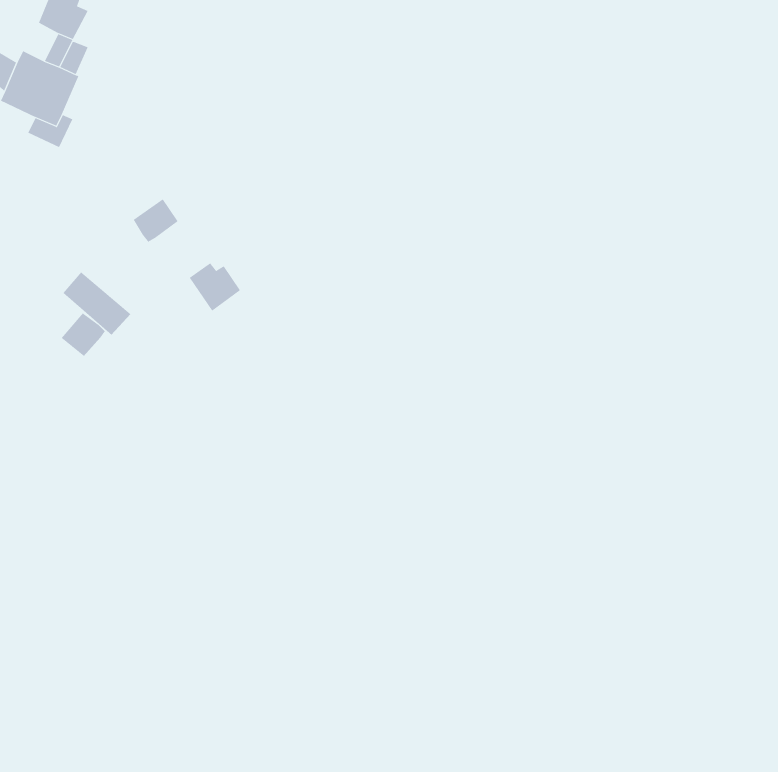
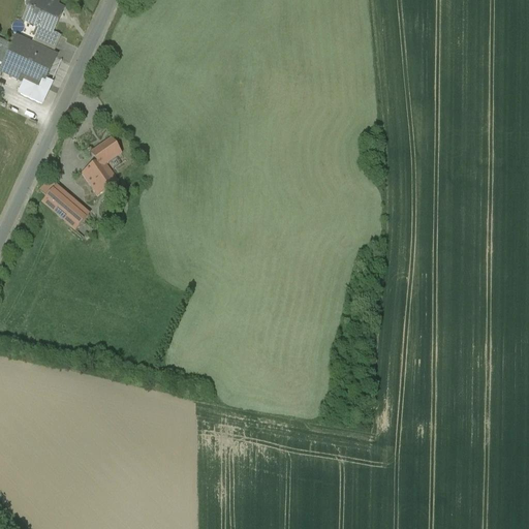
building: [189,263,241,311] -> [82,159,117,192]
building: [61,312,106,357] -> none

